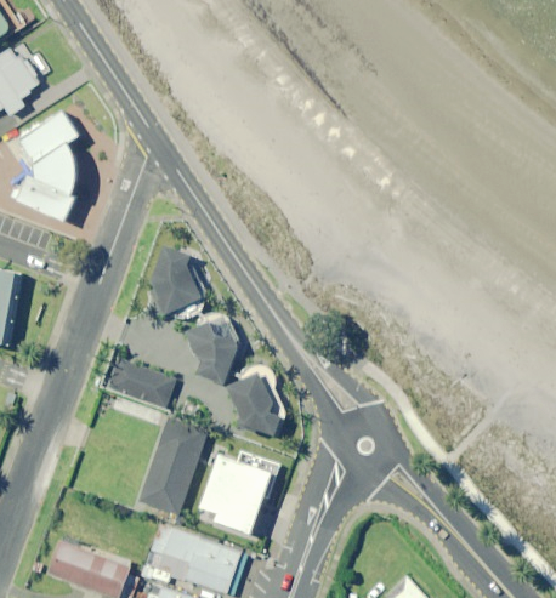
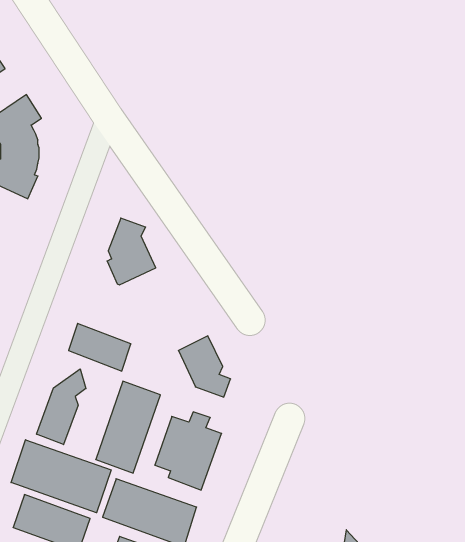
building: [186,314,238,383] -> none
building: none -> [37,369,86,445]
building: none -> [11,440,111,513]

